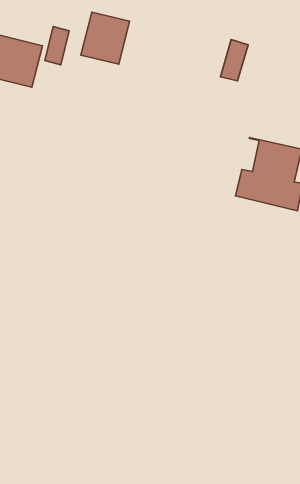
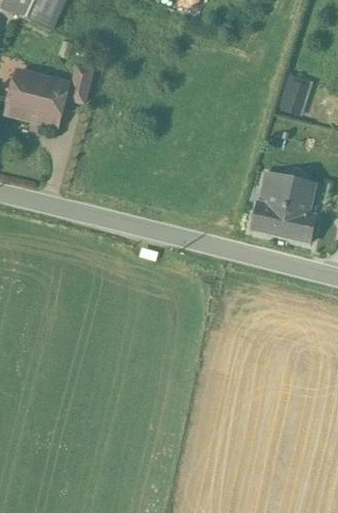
building: [81,12,130,64] -> none
building: [221,39,248,81] -> [282,75,308,115]

